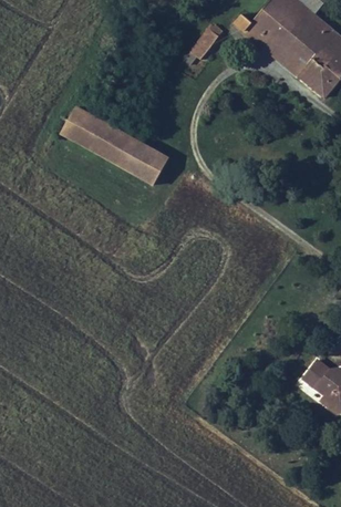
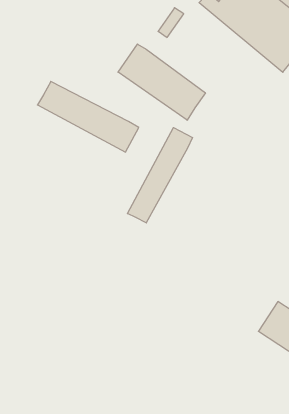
building: none -> [118,44,205,120]
building: none -> [127,128,193,223]

